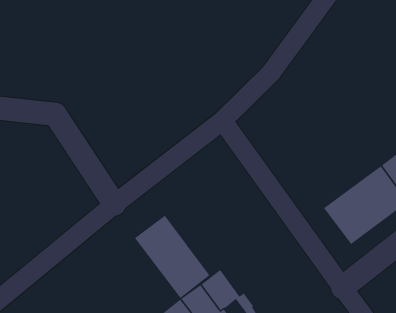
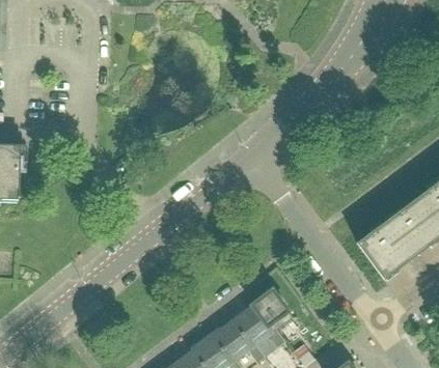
building: [134,215,210,299] -> none
building: none -> [251,289,293,332]

